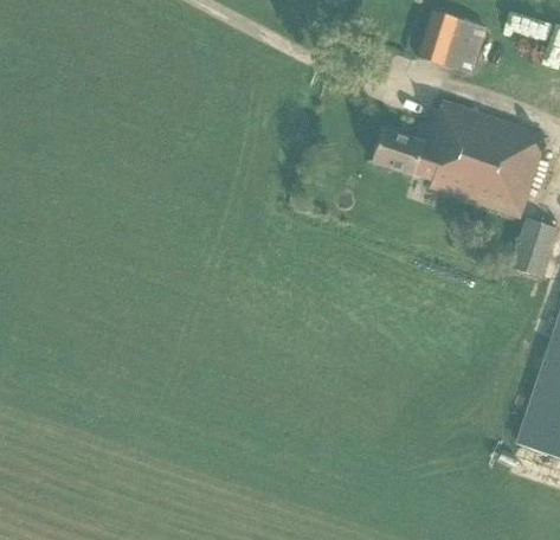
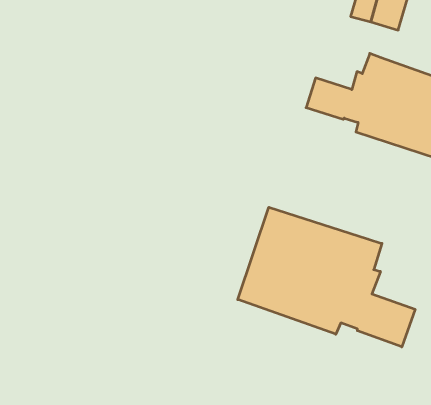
building: none -> [238,207,415,347]

